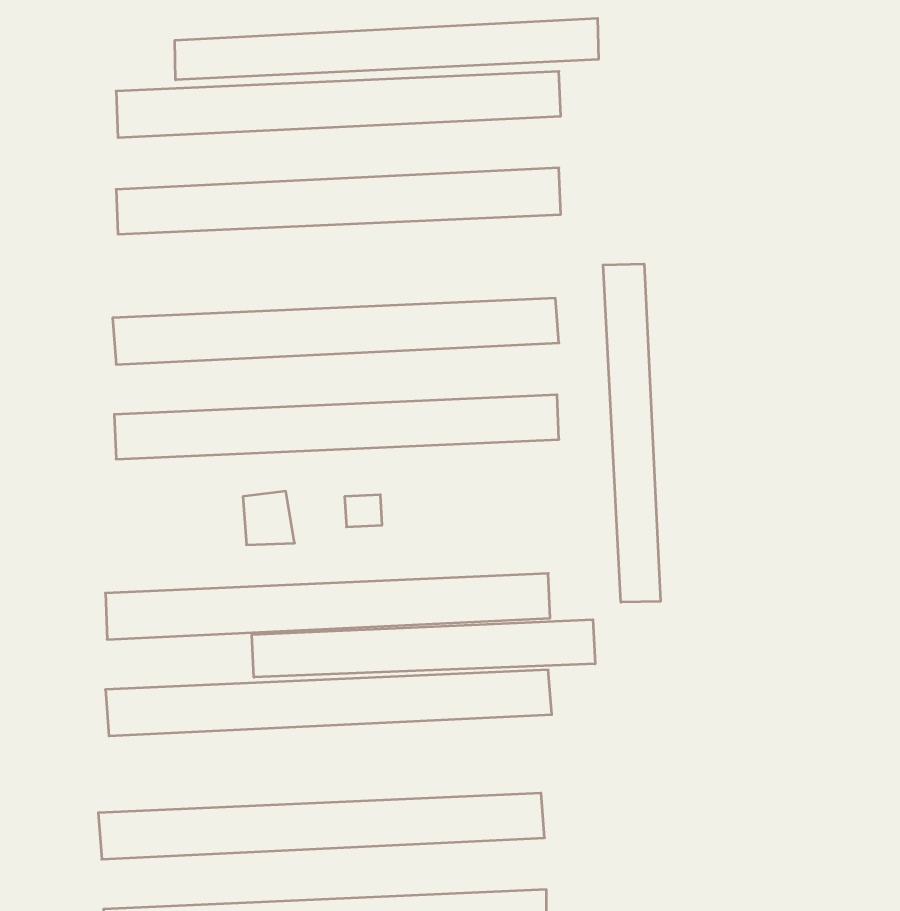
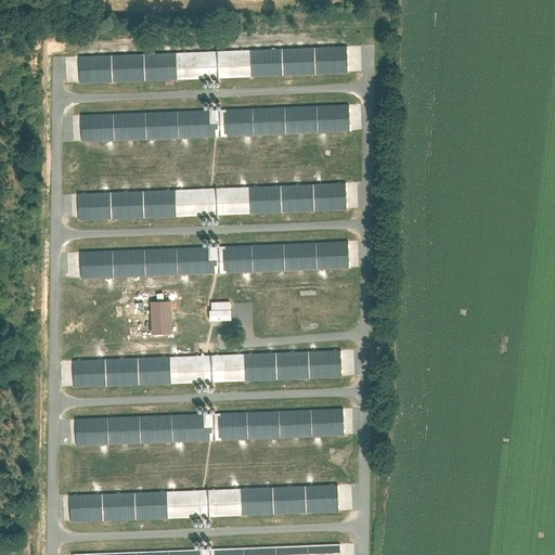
building: [175,18,598,80] -> none
building: [603,264,660,602] -> none
building: [252,620,595,677] -> none

